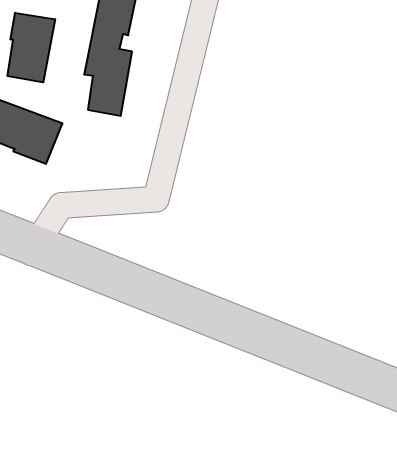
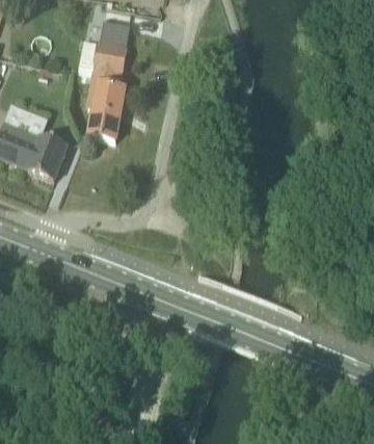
building: [8,13,55,82] -> none

